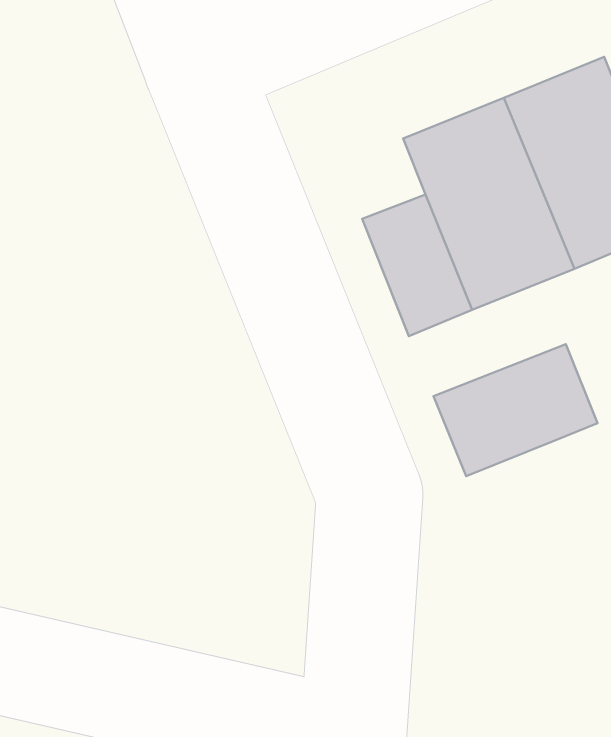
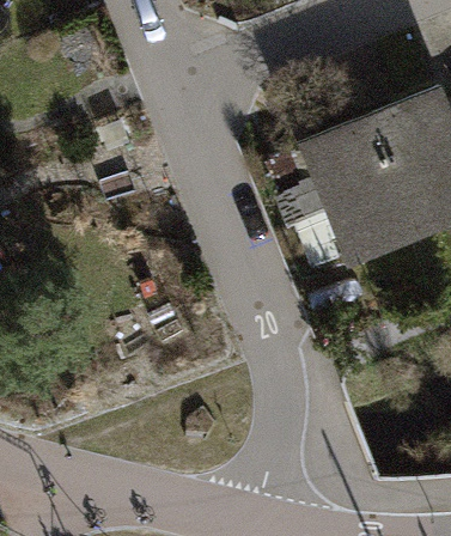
building: [434,344,597,476] -> none

